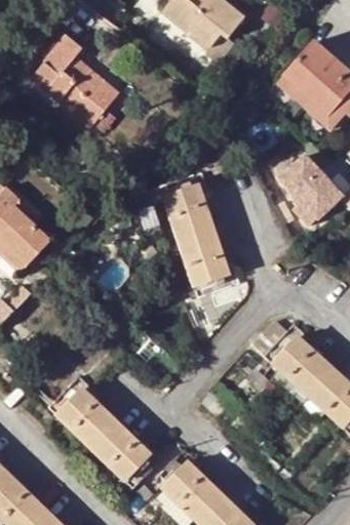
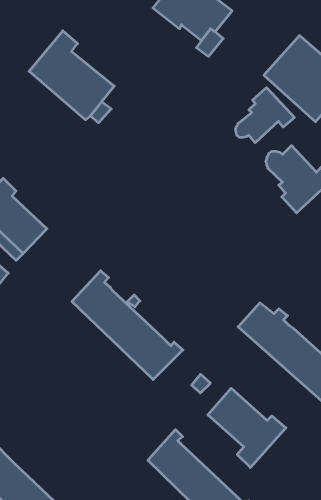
building: none -> [236,88,294,143]
building: [160,171,240,307] -> none
building: [49,375,164,488] -> [72,271,183,380]
building: none -> [208,388,286,468]

